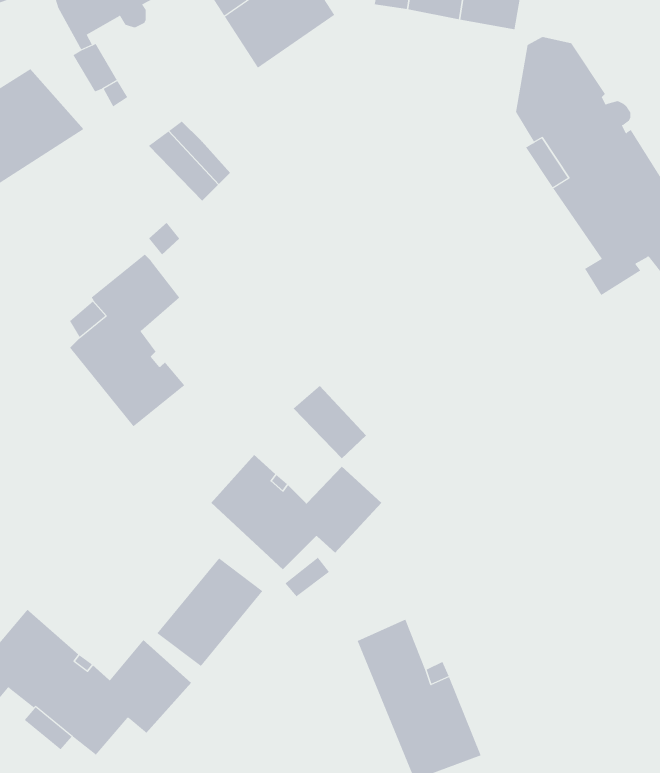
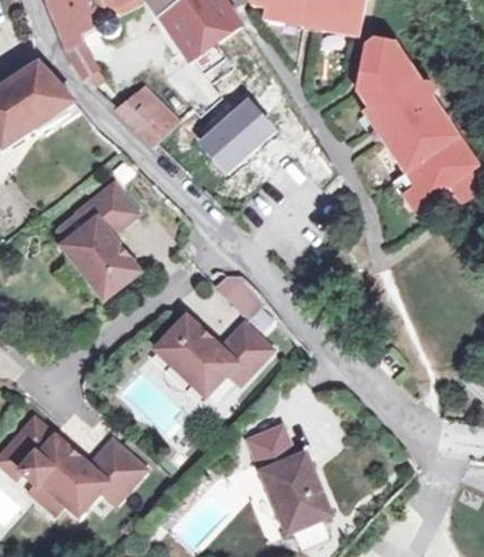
building: none -> [195,92,275,171]
building: [157,557,263,667] -> none

